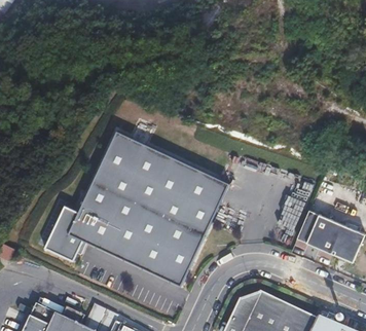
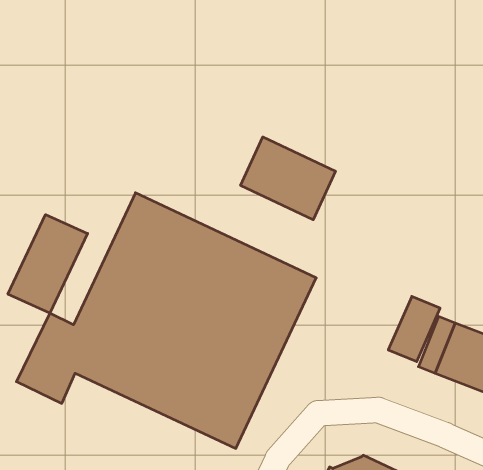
building: none -> [241,137,335,220]
building: none -> [8,215,88,313]

